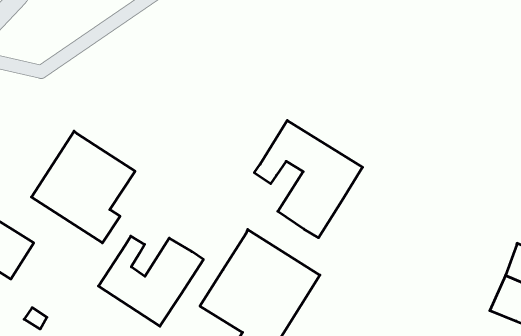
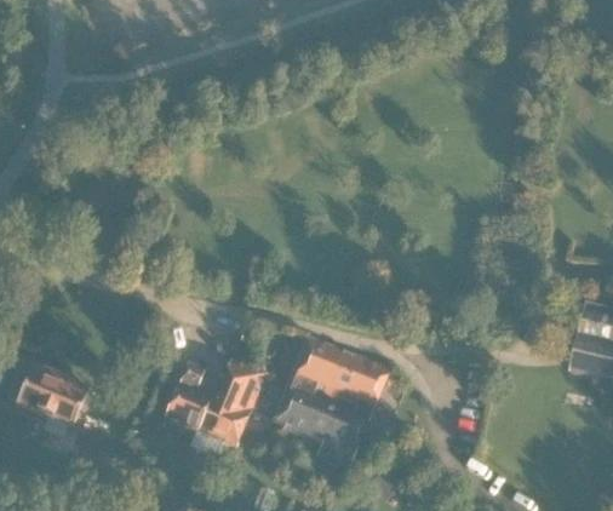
building: [254,120,363,238] -> none
building: [31,131,135,243] -> none

